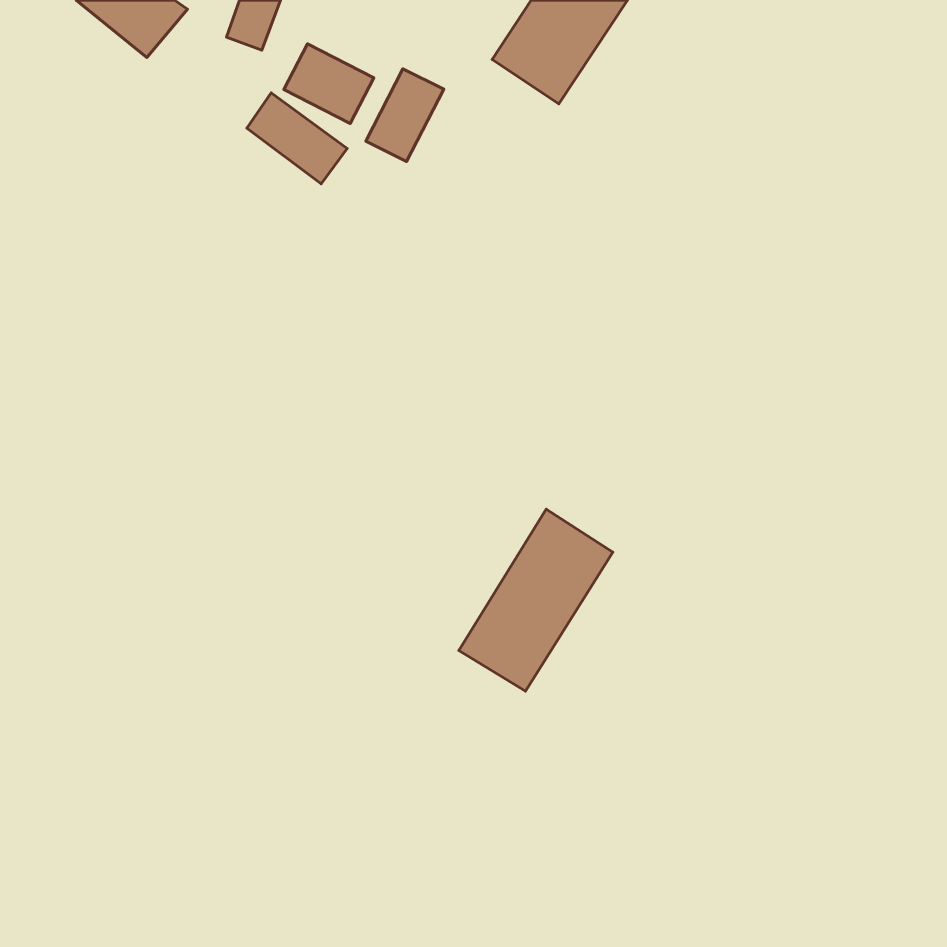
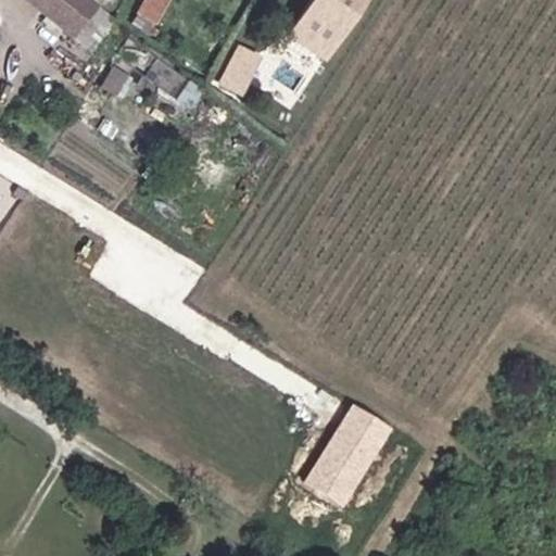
building: [284,44,374,123] -> none
building: [459,509,613,691] -> [302,404,392,510]

